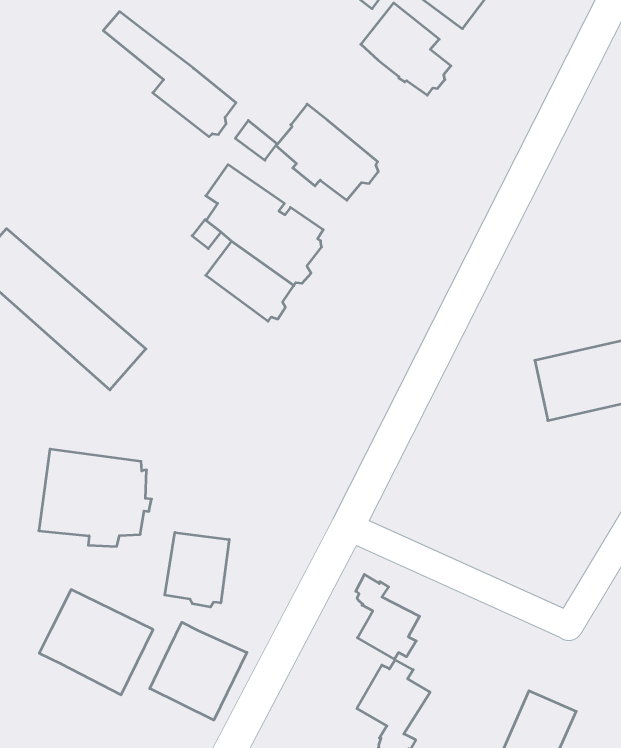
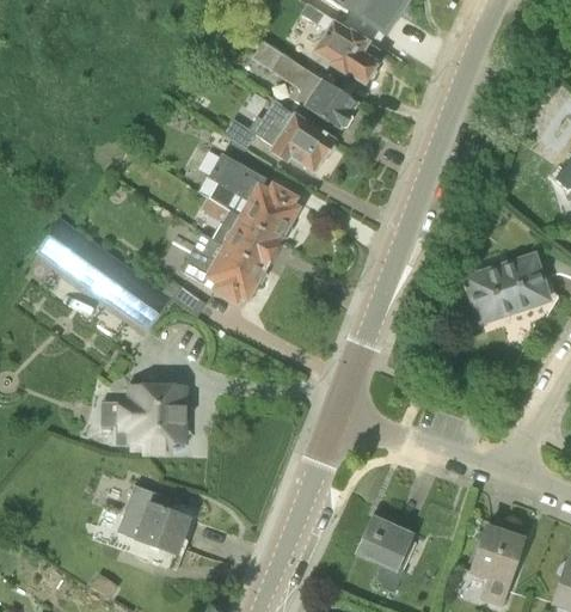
building: [103,12,236,137] -> [252,42,357,129]
building: none -> [180,232,265,302]
building: [165,532,229,607] -> none
building: [356,574,420,659] -> none
building: [150,622,247,720] -> none

